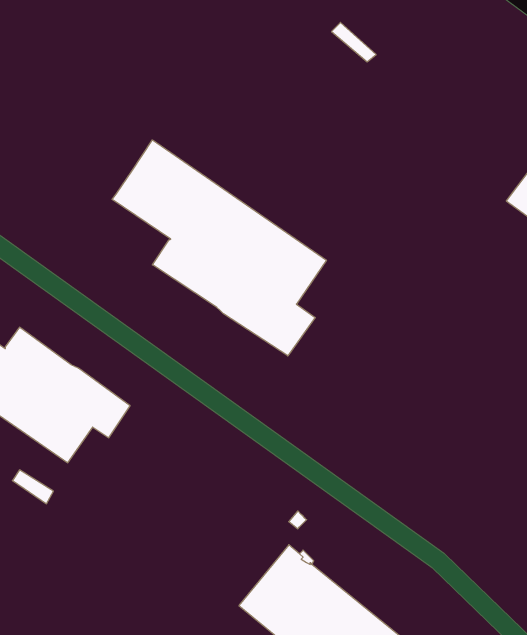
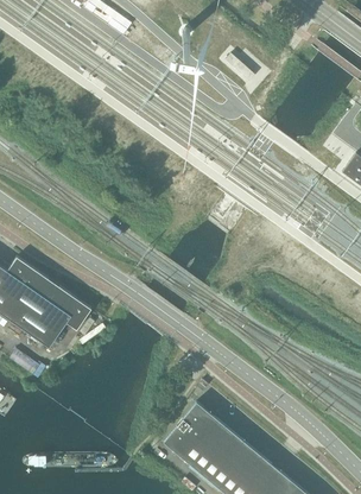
building: [112,140,326,356] -> none

